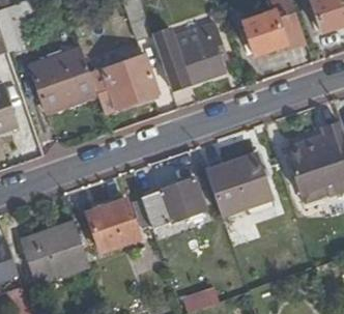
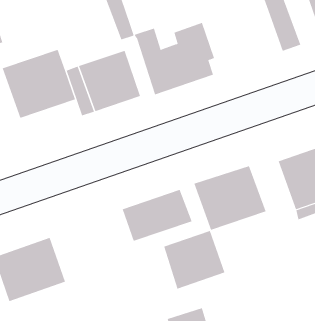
building: [243,11,286,55] -> none
building: [87,198,139,250] -> none
building: none -> [163,230,225,290]

